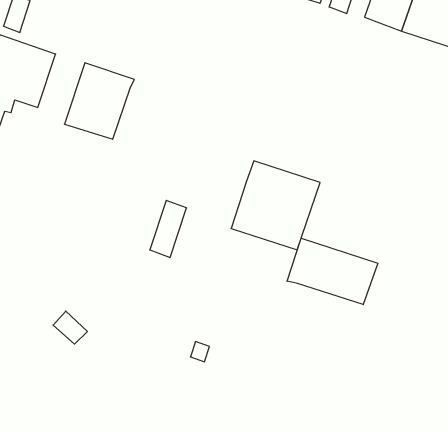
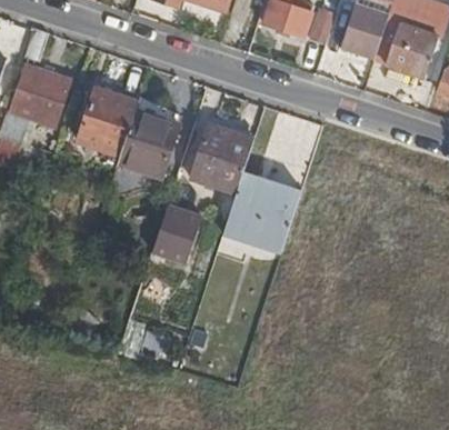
building: none -> [119,109,181,178]
building: none -> [192,124,256,191]
building: [287,238,378,305] -> none

